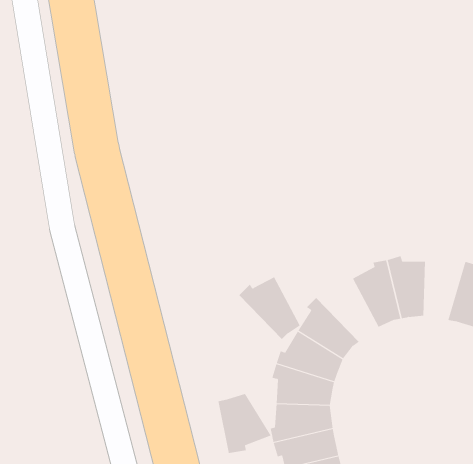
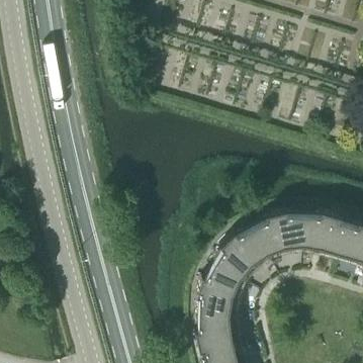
building: none -> [300,209,329,254]
building: [239,276,301,340] -> [224,224,268,269]
building: [218,393,271,454] -> none

